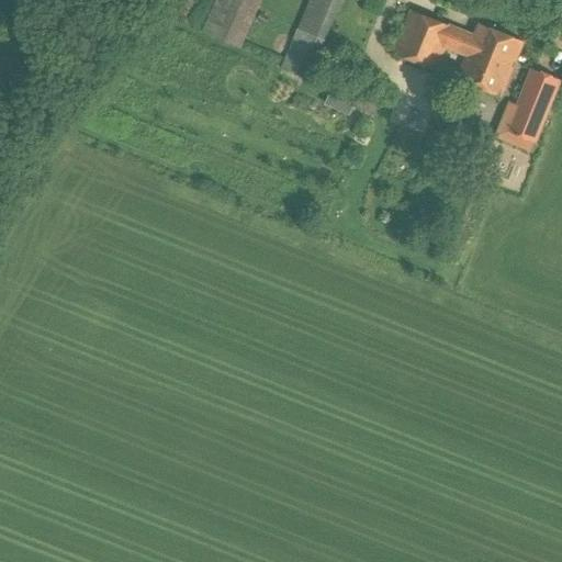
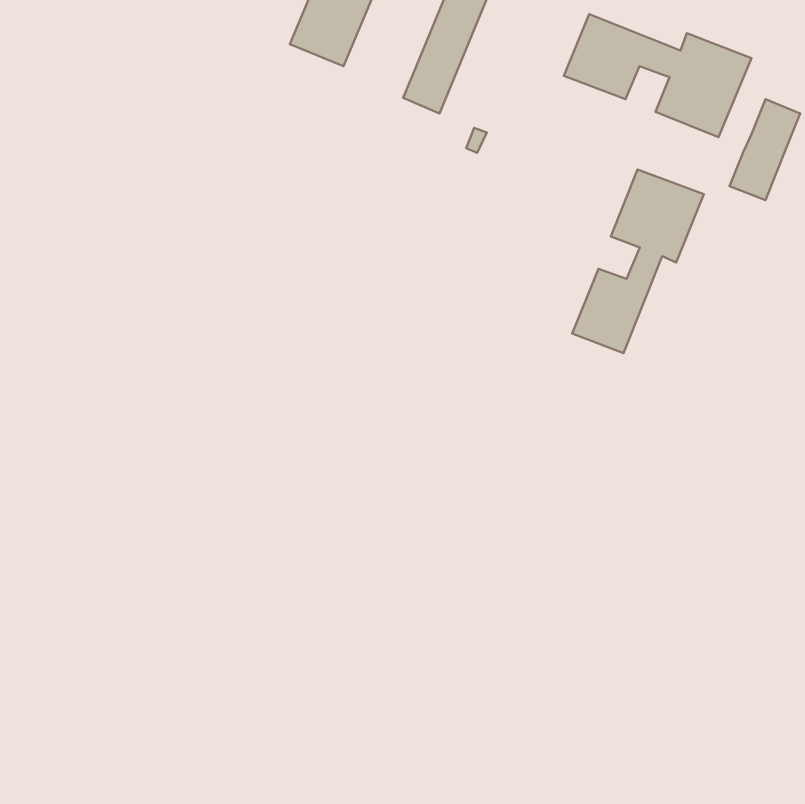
building: none -> [572,169,704,353]

